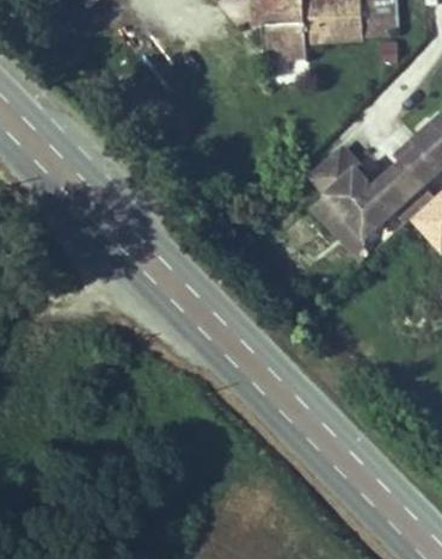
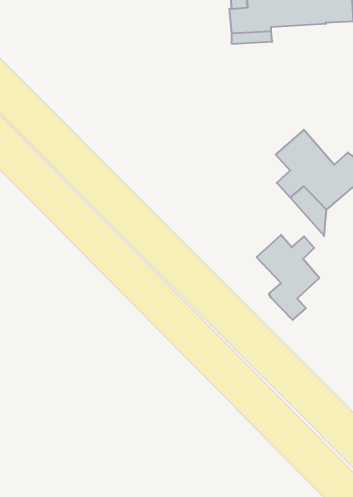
building: none -> [257,235,319,320]

